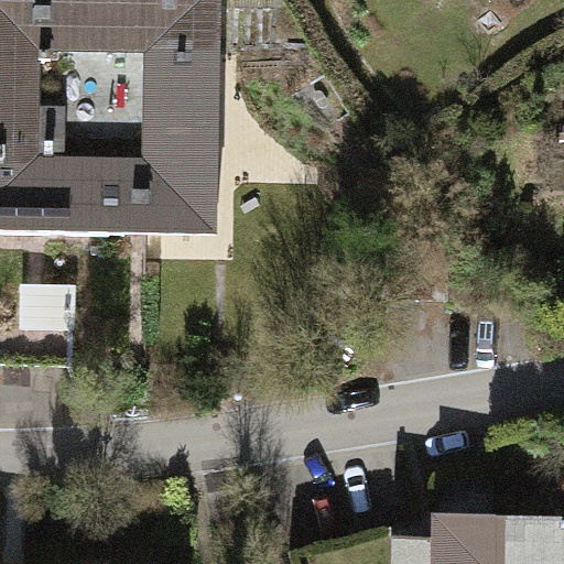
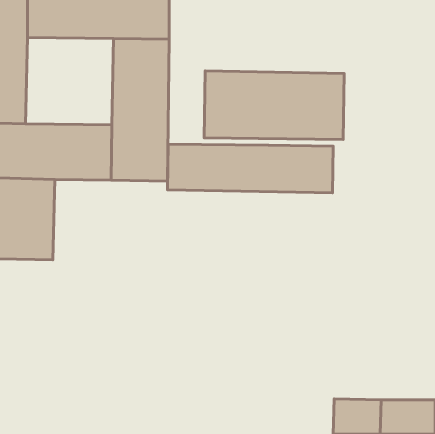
building: none -> [204,71,344,139]
building: none -> [167,144,333,193]

